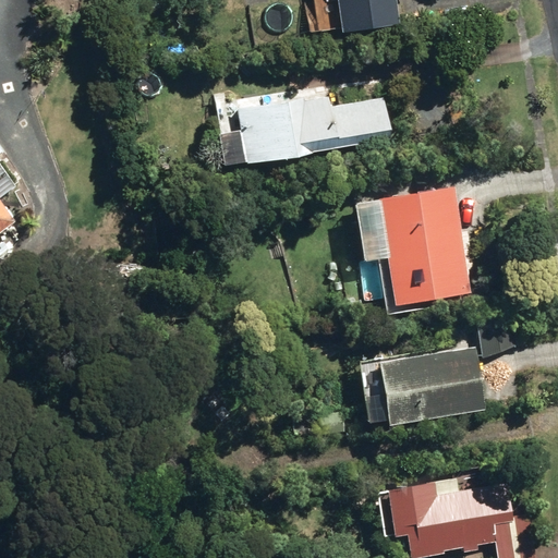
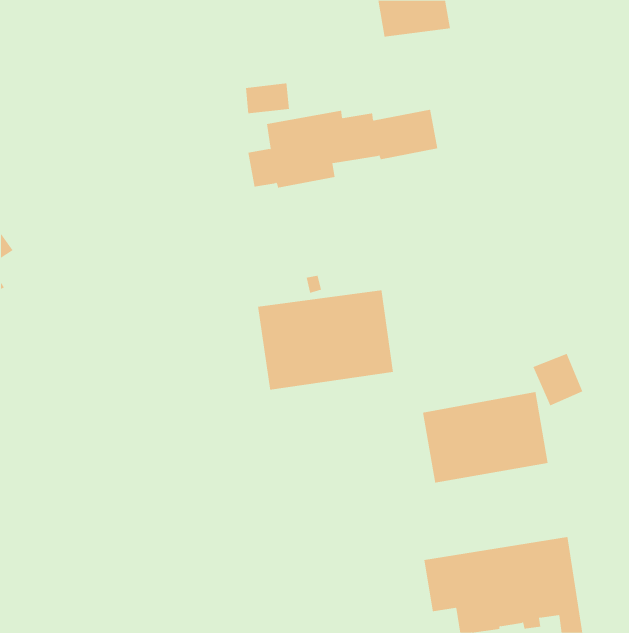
building: [354,187,472,305] -> none
building: none -> [258,290,394,390]

